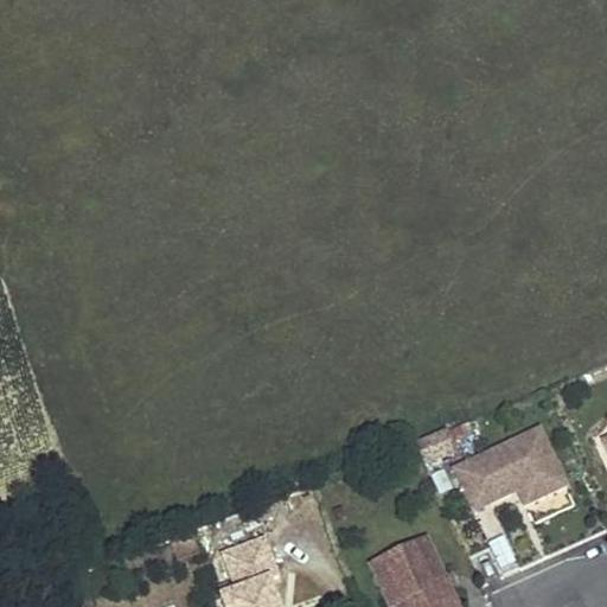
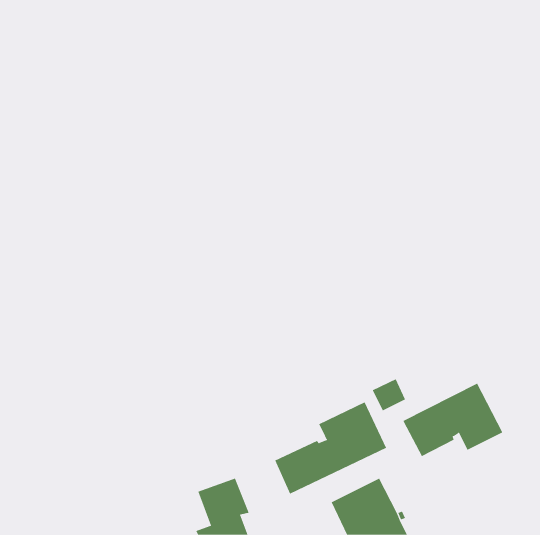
building: none -> [274,401,387,495]

